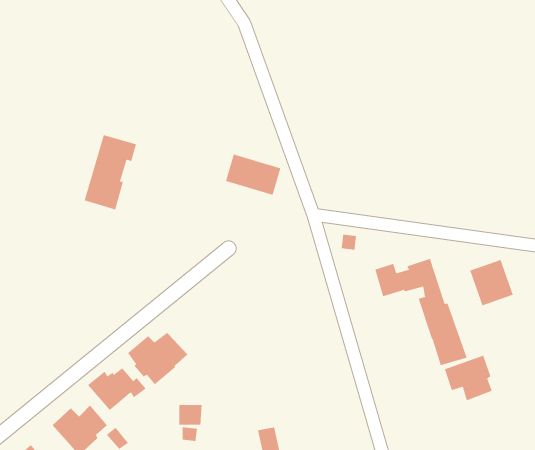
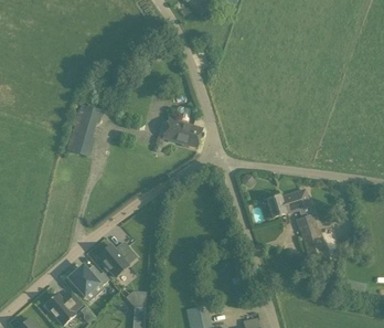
building: [470,259,513,306] -> none
building: [444,355,493,401] -> none

